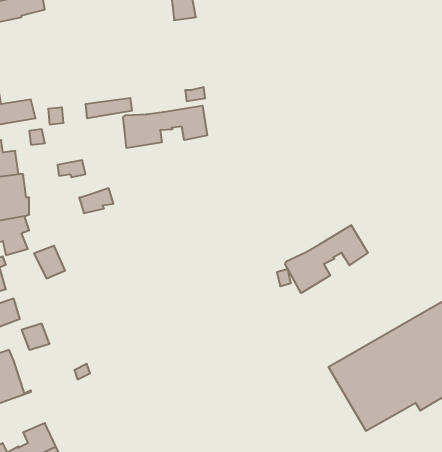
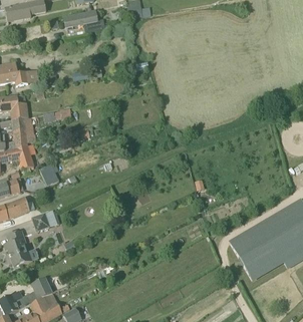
building: none -> [63,8,98,31]
building: [123,106,207,148] -> none
building: [285,225,368,293] -> none

